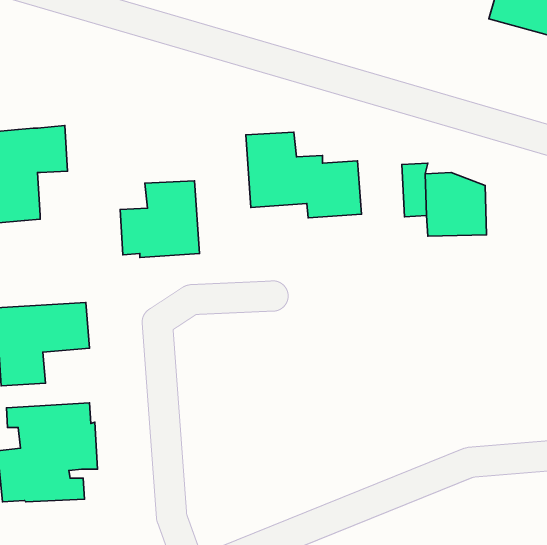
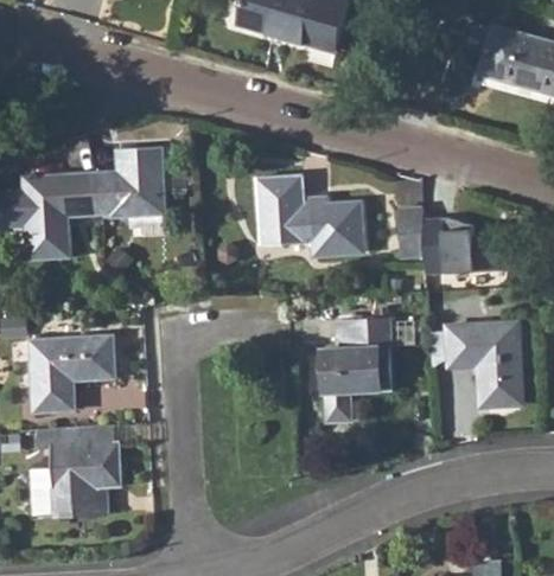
building: [120,181,200,258] -> [91,147,164,217]
building: none -> [324,322,394,424]
building: none -> [447,325,522,408]

